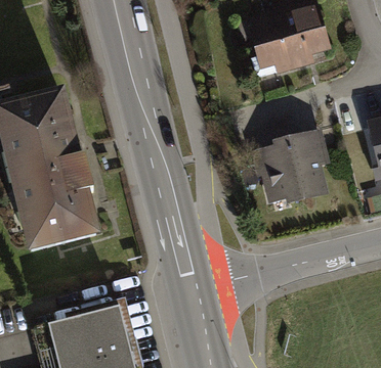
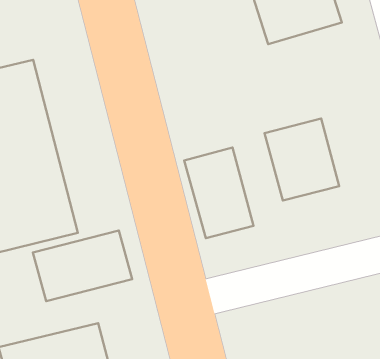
building: none -> [184,148,253,238]
building: none -> [33,231,132,301]

